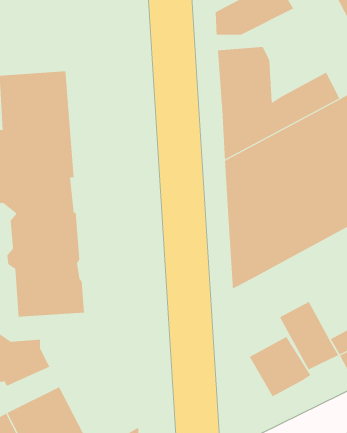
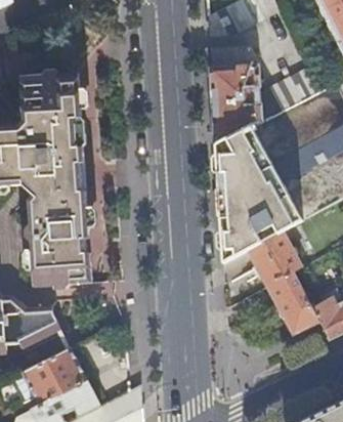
building: [249,336,311,397] -> [246,233,301,287]

